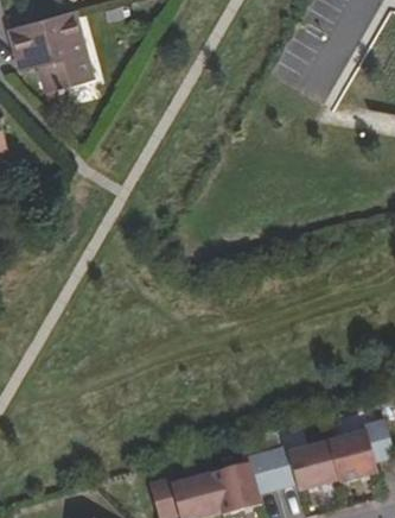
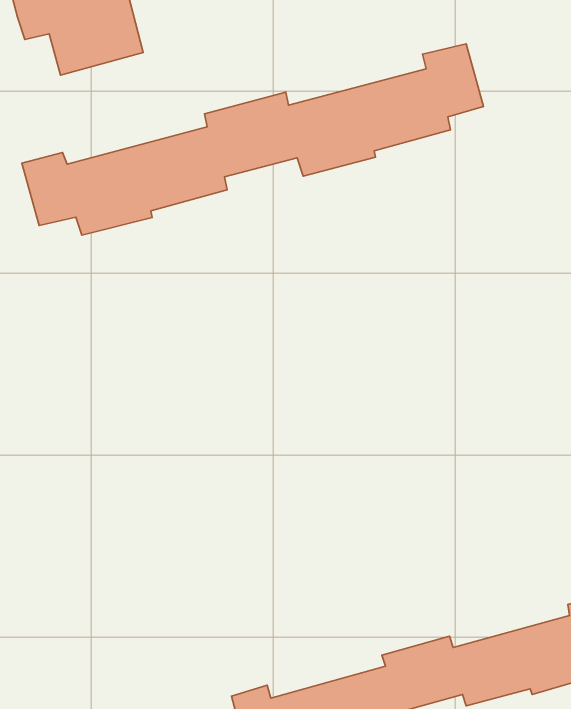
building: none -> [22,44,483,235]

